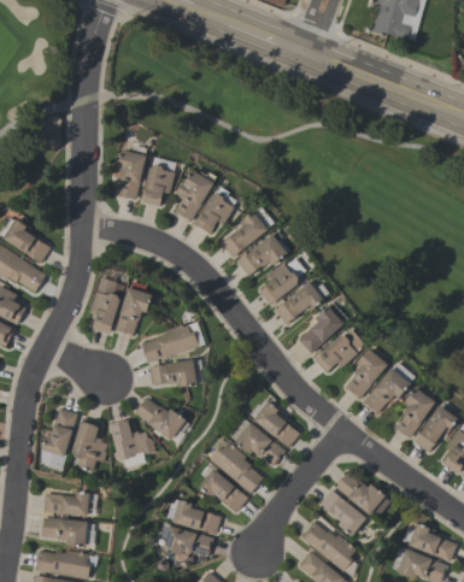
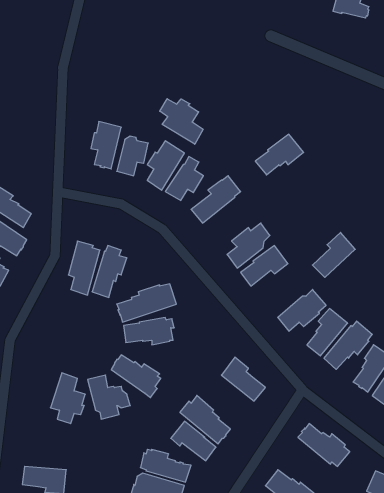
building: none -> [160,99,203,144]
building: [236,233,288,276] -> [255,134,304,175]
building: [298,305,343,353] -> [312,232,355,277]
building: [41,407,77,469] -> none
building: [229,418,284,466] -> none
building: [319,489,366,535] -> none
building: [42,490,94,516] -> none

